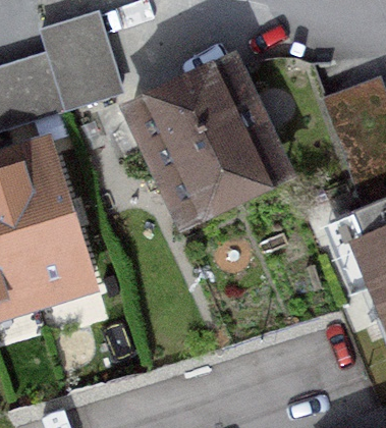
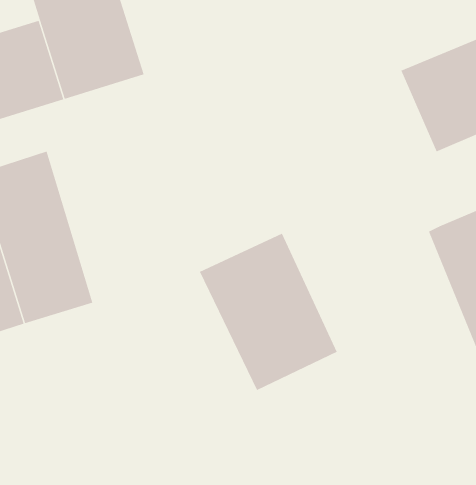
building: [127,71,269,209] -> none
building: none -> [199,233,338,391]

